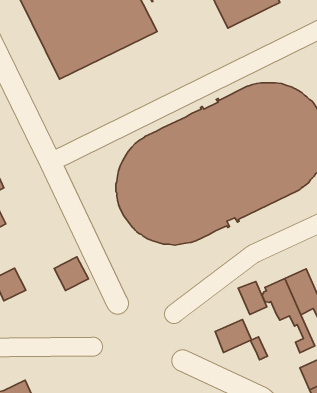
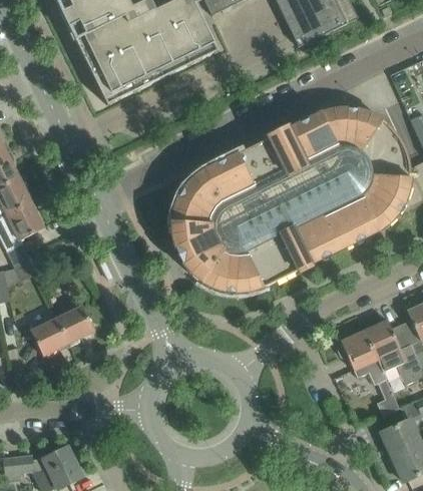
building: [54,257,88,290] -> [55,305,94,343]
building: [238,281,267,314] -> none
building: [215,320,252,353] -> none

